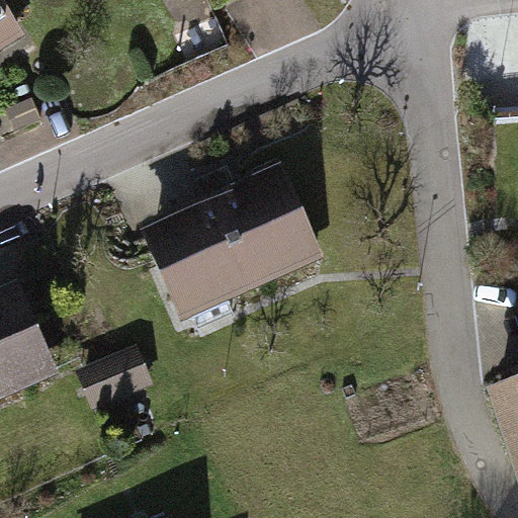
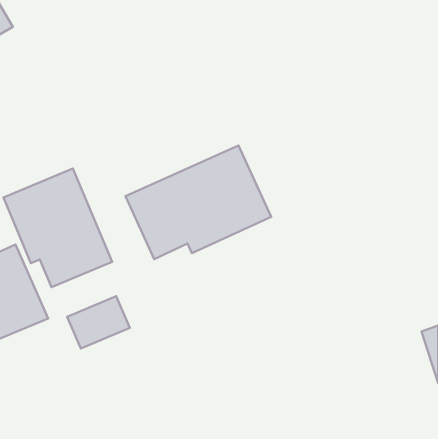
building: none -> [3,169,112,287]

